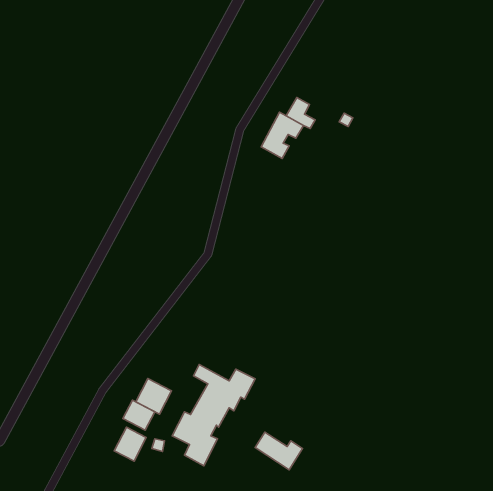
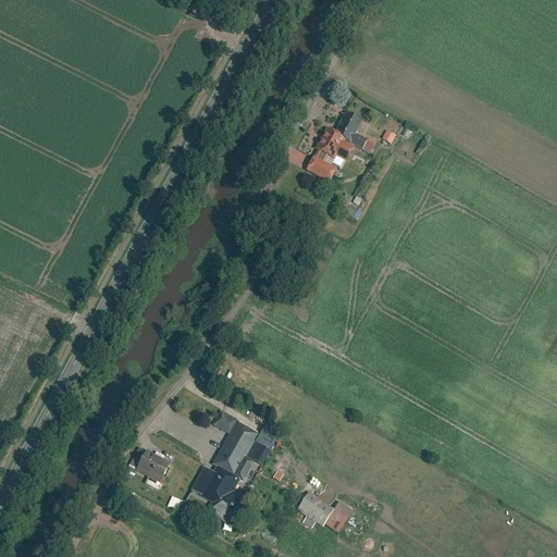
building: [136,379,172,414] -> none
building: [114,427,146,461] -> none

